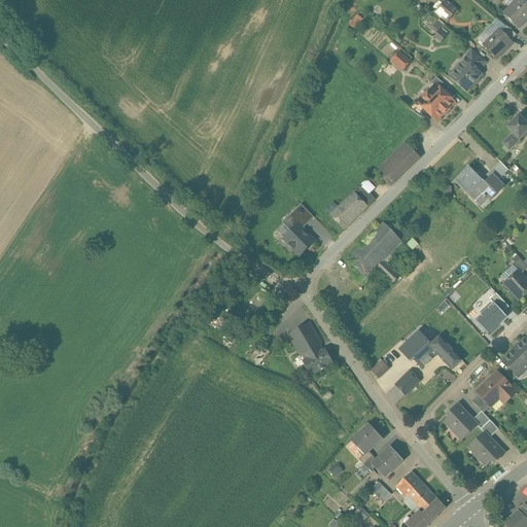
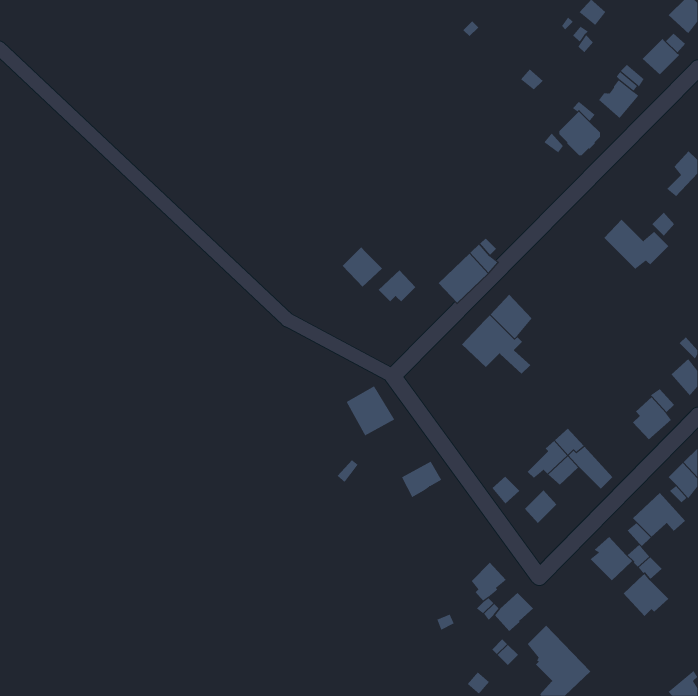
building: [375,141,419,185] -> none
building: [283,223,314,254] -> [342,247,383,288]
building: [287,321,324,359] -> [346,385,395,436]

